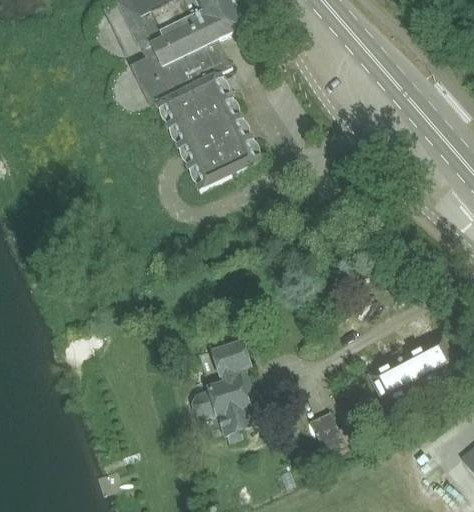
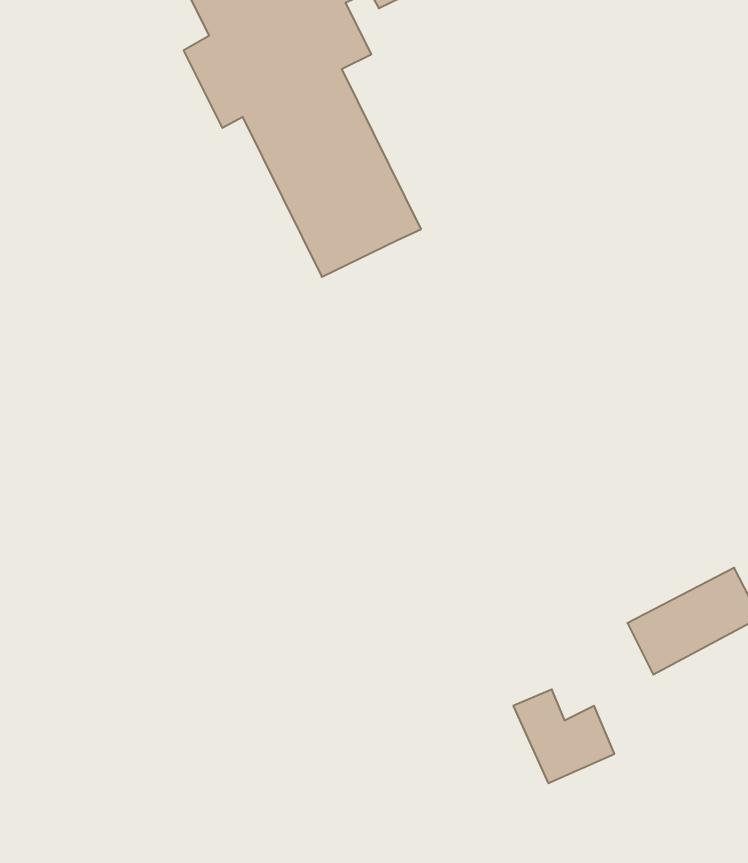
building: [191,342,252,433] -> none

